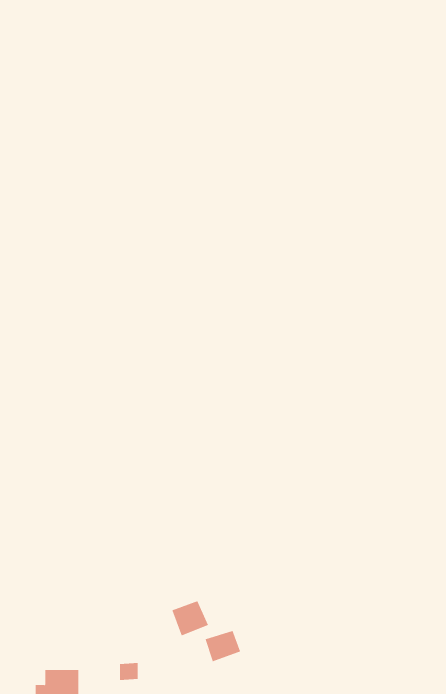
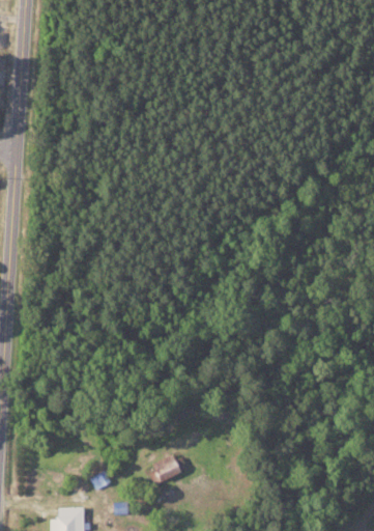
building: [205,630,241,662] -> none

